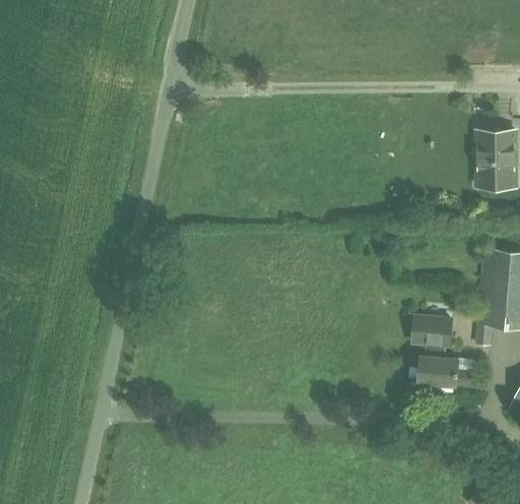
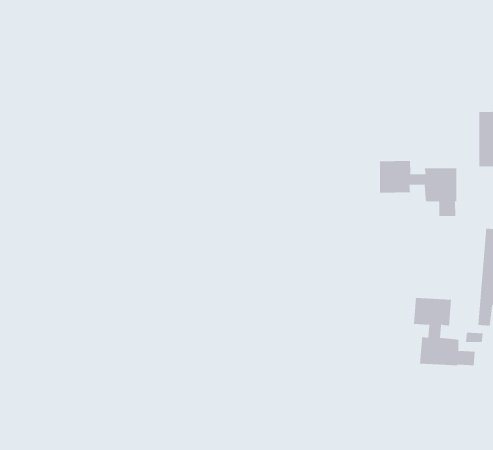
building: none -> [379,160,457,217]

